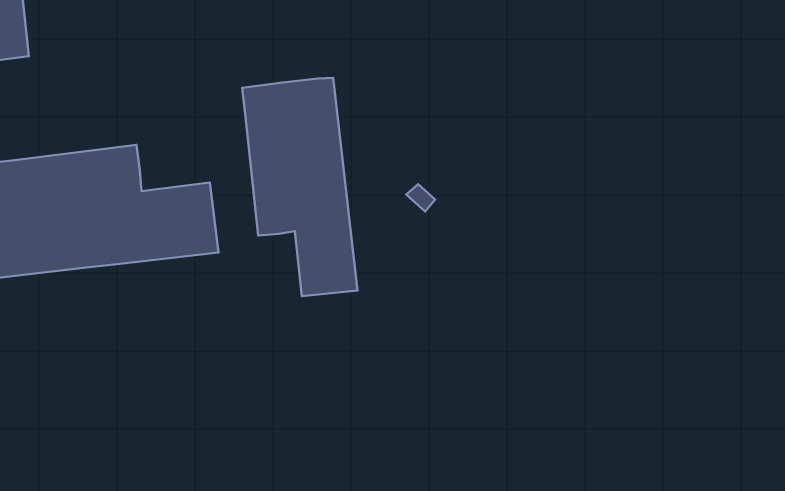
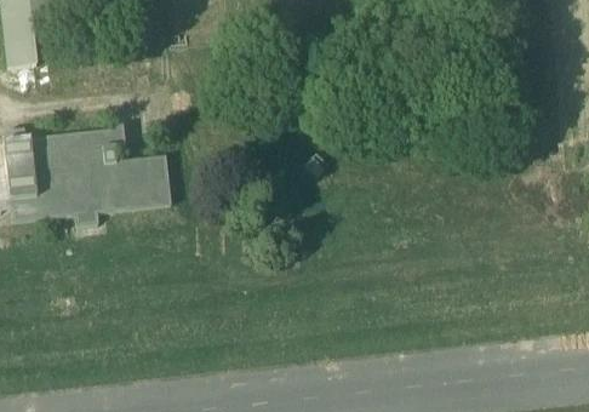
building: [242,78,357,296] -> none

